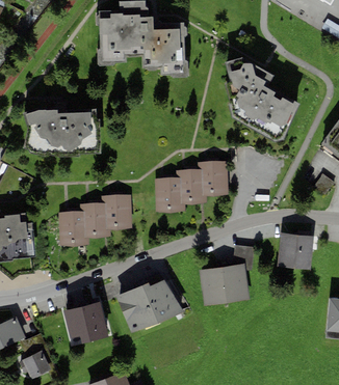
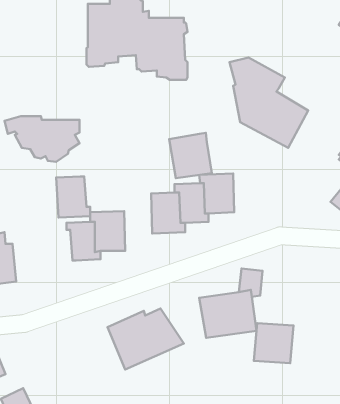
building: none -> [169,133,212,178]
building: [58,210,88,246] -> [56,176,90,217]
building: [278,232,313,268] -> [254,323,294,363]
building: [63,301,108,345] -> none

